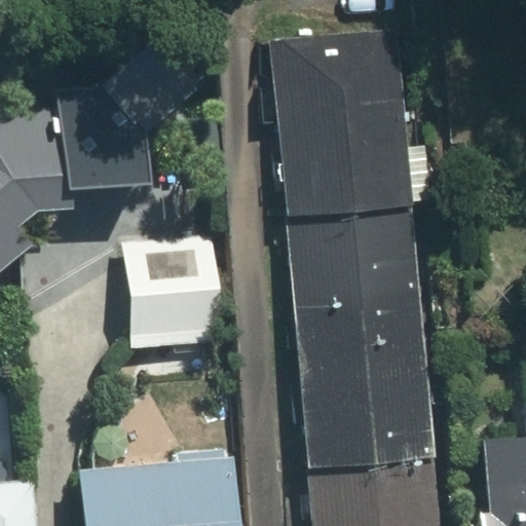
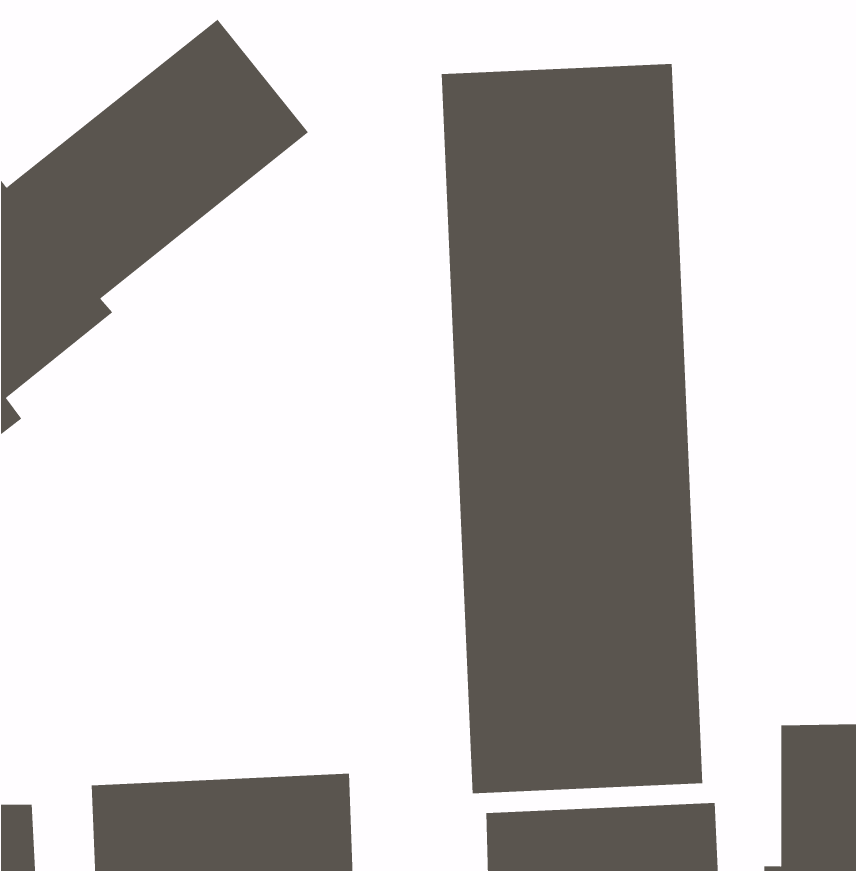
building: [124,231,224,355] -> none

